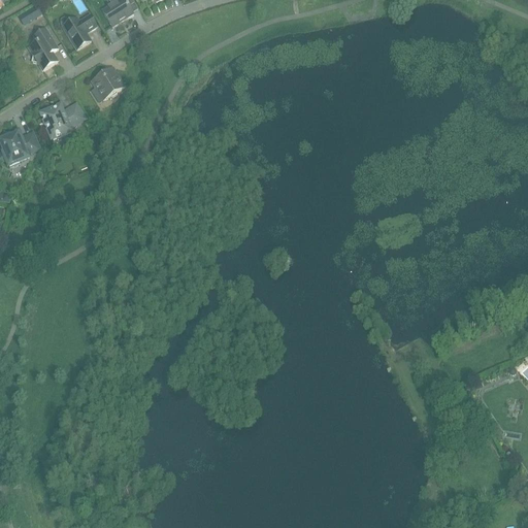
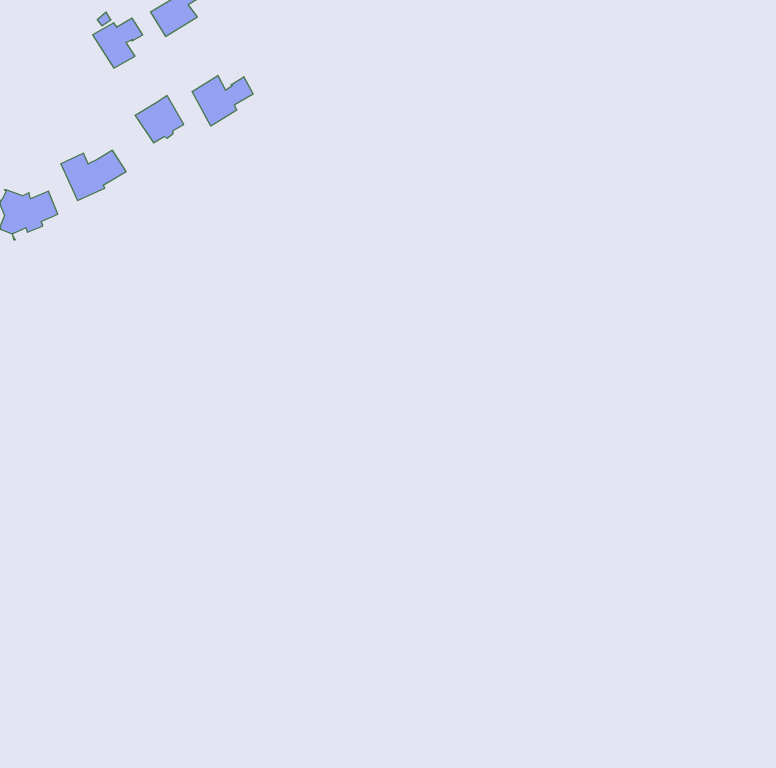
building: [29,26,59,68] -> none
building: none -> [192,75,253,126]

